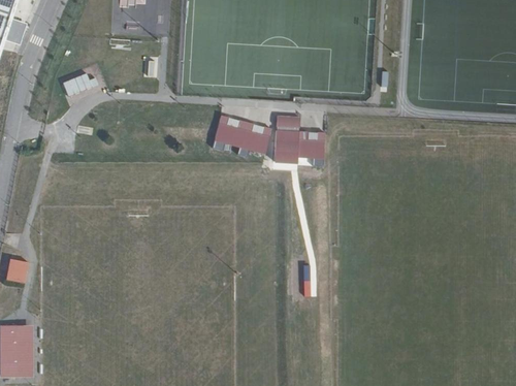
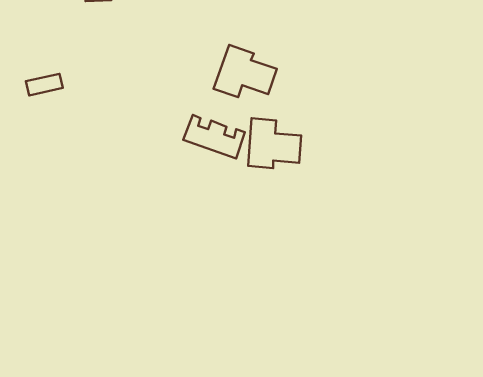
building: none -> [213,45,277,97]

